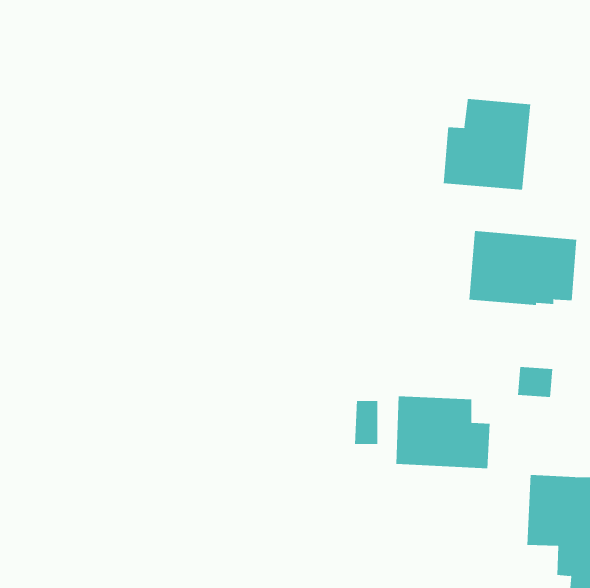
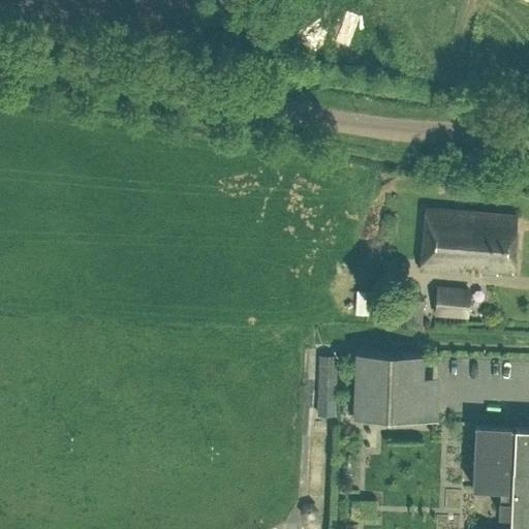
building: [443,98,531,190] -> none
building: [517,366,553,398] -> [436,288,468,316]

